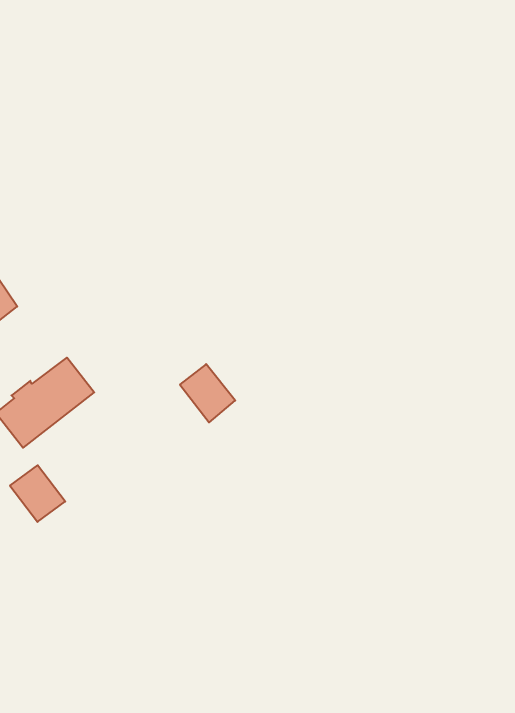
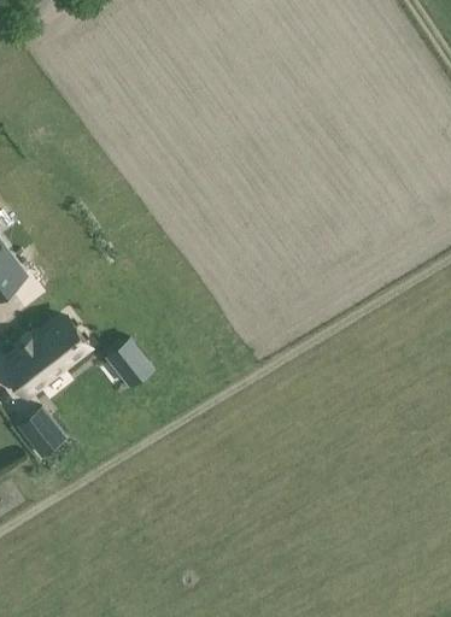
building: [180,364,235,422] -> [106,339,152,387]

